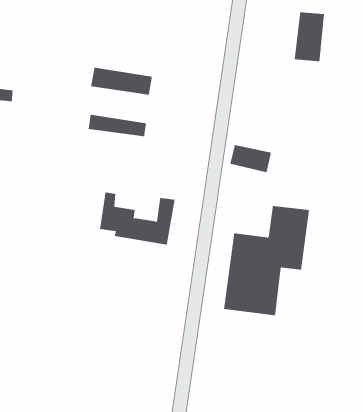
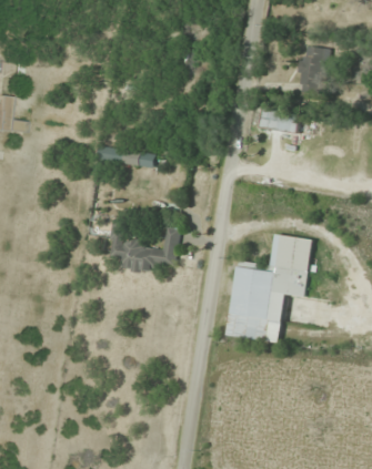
building: [91,67,153,95] -> none
building: [230,144,272,173] -> [260,109,301,136]

